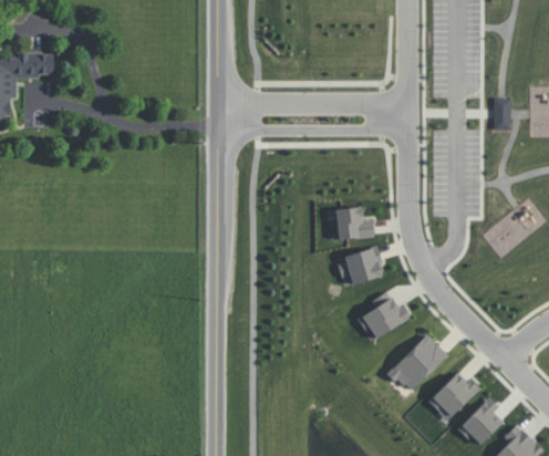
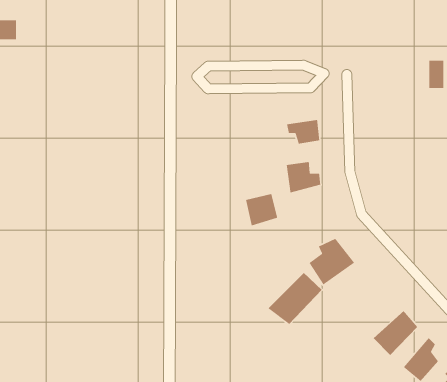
building: none -> [286,119,320,144]
building: [346,250,382,286] -> [245,193,278,226]
building: [387,333,446,390] -> [268,272,322,325]

